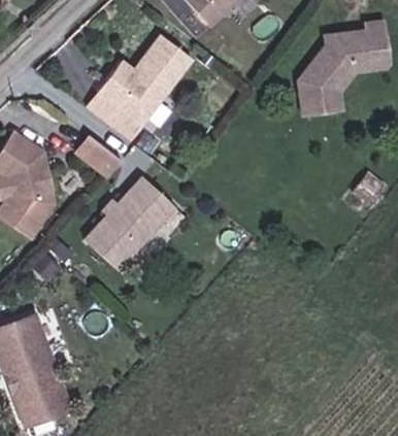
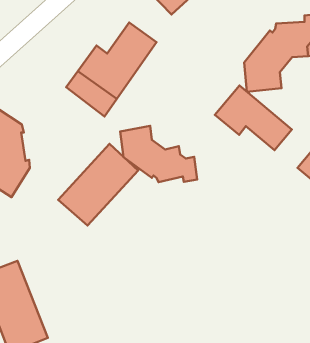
building: none -> [215,85,292,150]
building: [73,134,119,175] -> none
building: none -> [120,126,197,182]

